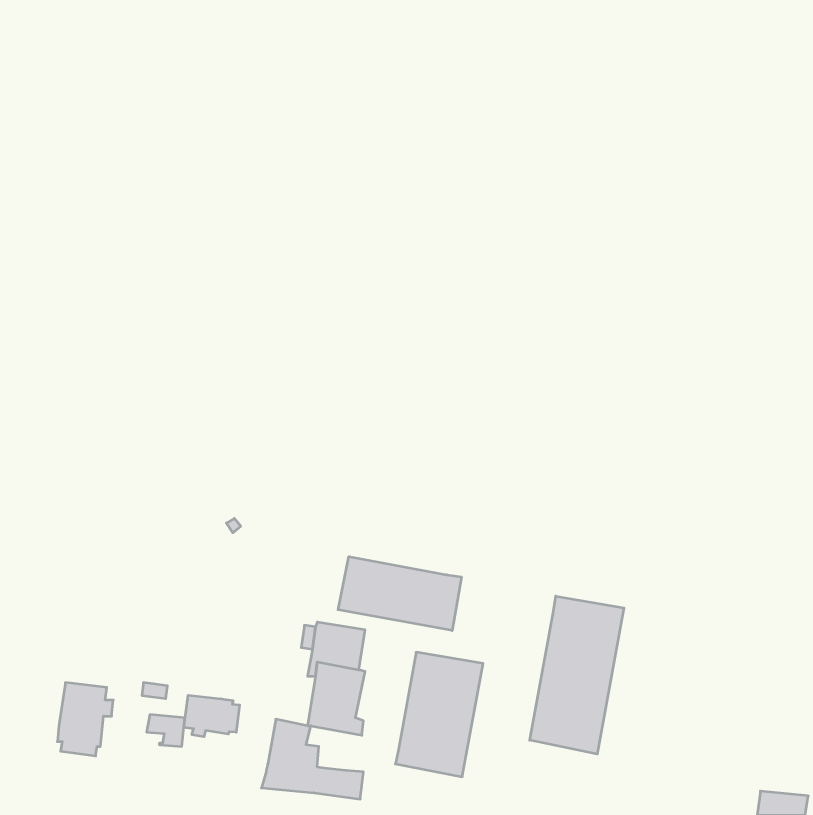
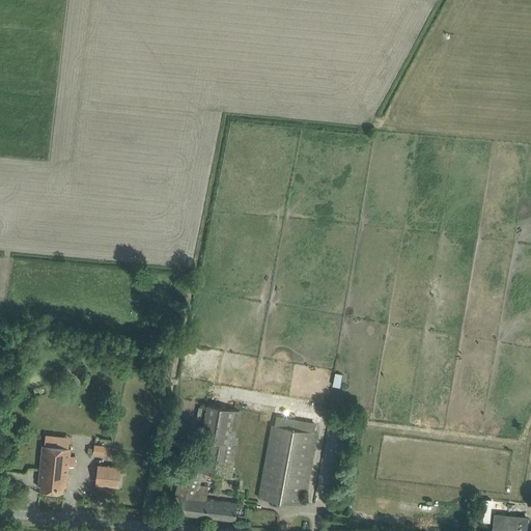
building: [338,557,461,631] -> none
building: [530,596,624,754] -> none
building: [184,695,240,737] -> none

